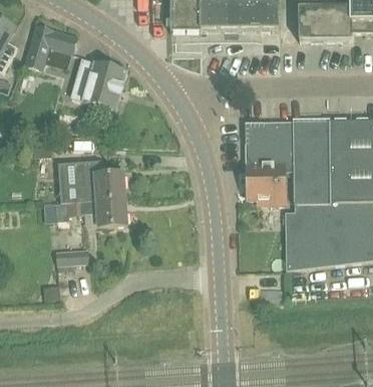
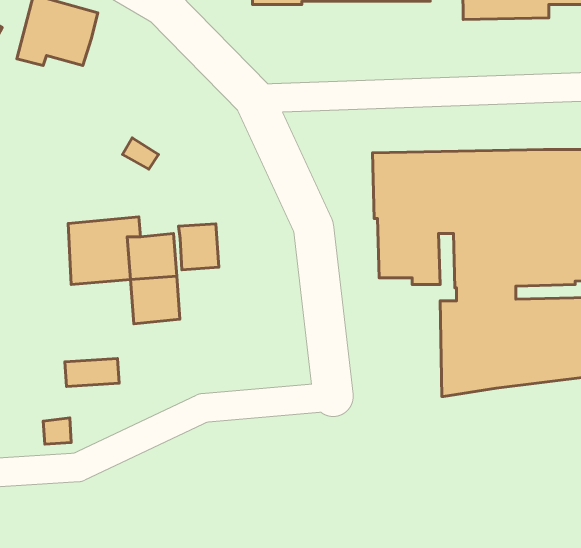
building: [71,57,126,108] -> none
building: none -> [179,224,219,270]
building: [45,199,85,221] -> none

